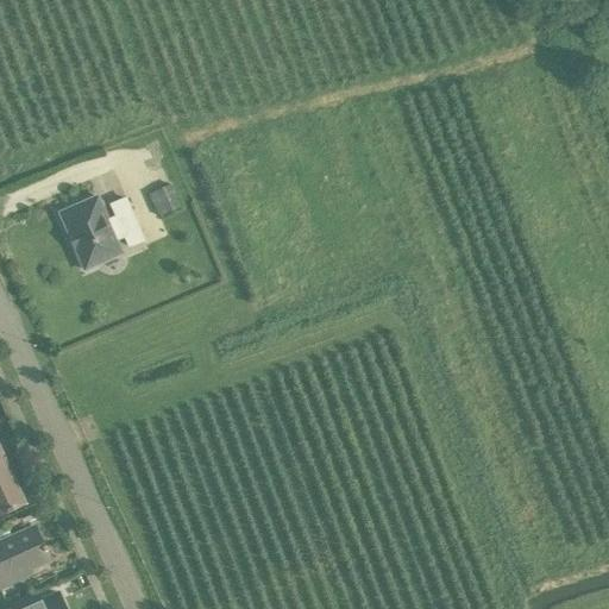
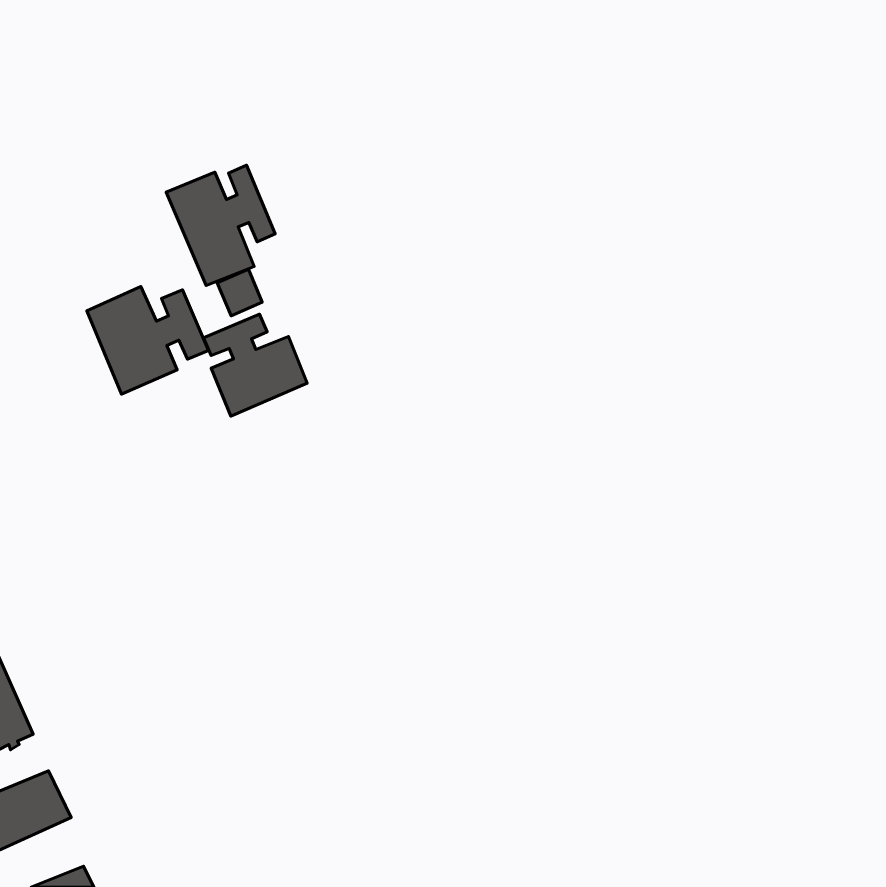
building: none -> [166,165,275,285]
building: none -> [204,314,307,416]

